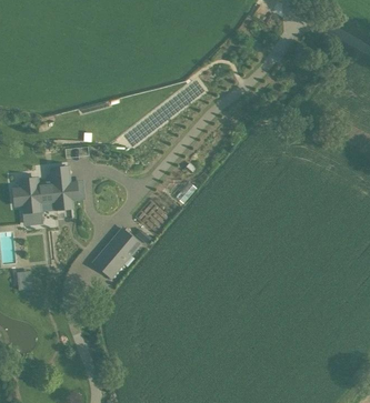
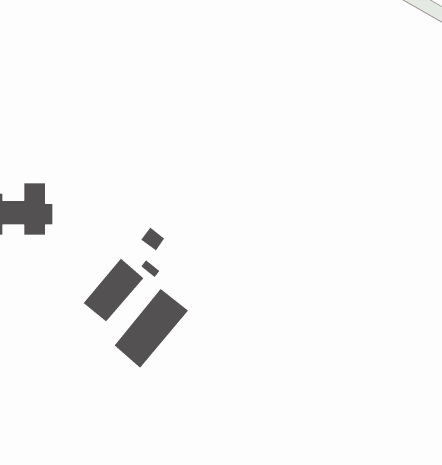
building: none -> [114,288,189,369]

